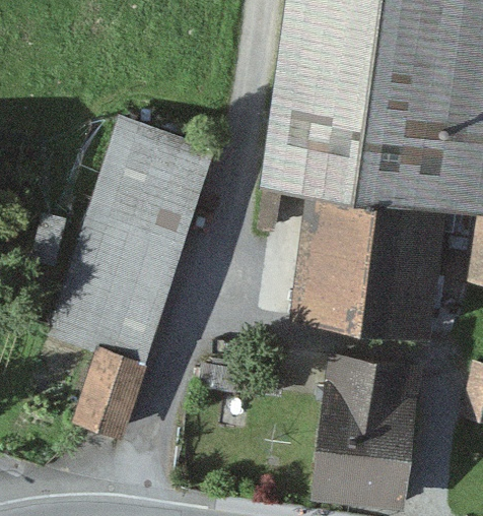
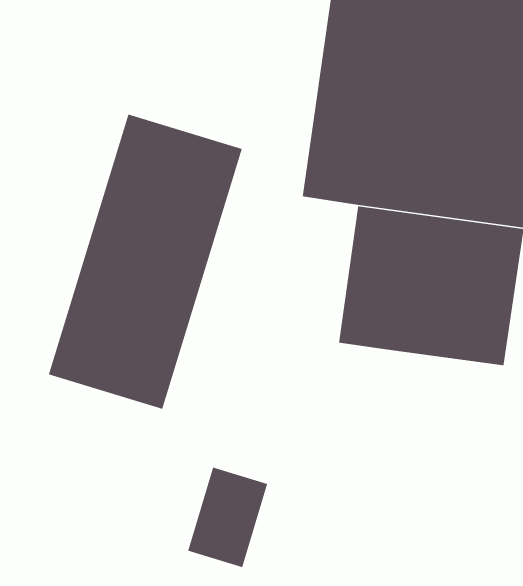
building: [310,312,430,486] -> none
building: [75,357,143,442] -> [187,466,268,568]

